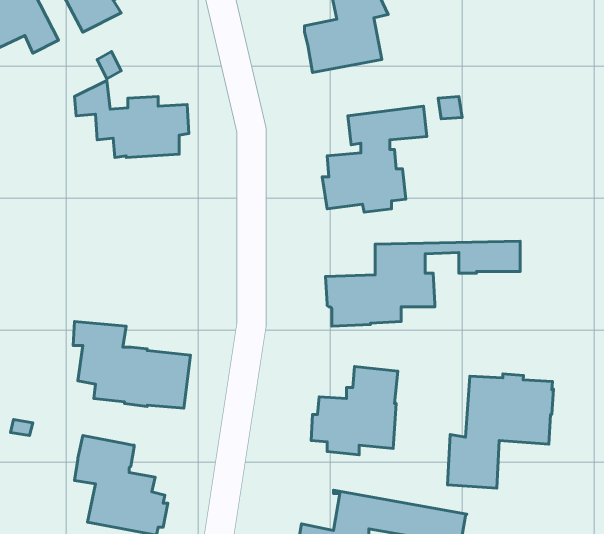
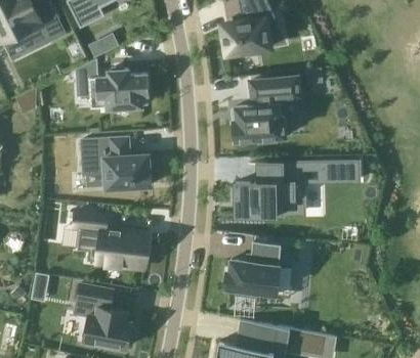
building: none -> [82,138,151,188]
building: [447,374,553,488] -> none

